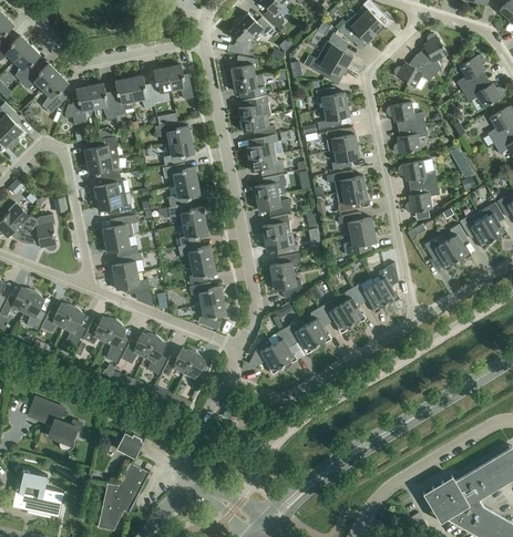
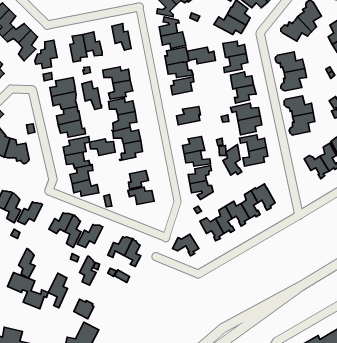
building: [150,68,172,103] -> none
building: [90,83,116,121] -> [82,81,102,109]
building: [248,154,286,176] -> [187,47,215,64]
building: [256,195,291,216] -> none
building: [178,242,213,265] -> [90,139,115,155]
building: [375,262,400,303] -> [223,145,242,175]
building: [197,301,226,330] -> none
building: [63,306,85,345] -> [19,248,35,278]
building: [271,328,297,364] -> none
building: [144,335,166,374] -> [80,256,96,285]
building: none -> [48,273,67,308]

